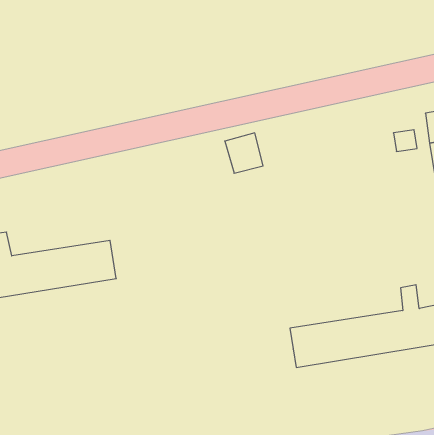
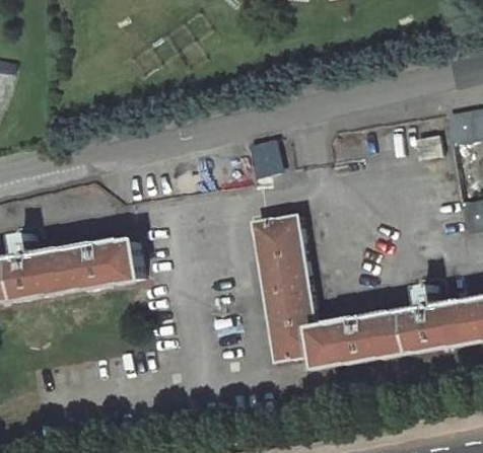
building: none -> [255,215,316,353]

